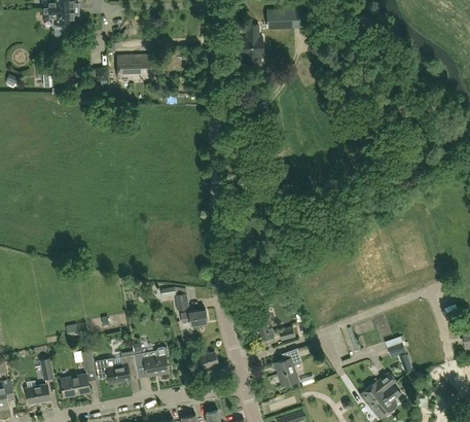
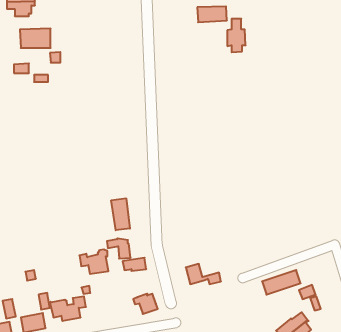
building: [242,25,263,64] -> [227,19,246,52]
building: [117,55,153,77] -> [20,29,51,48]
building: none -> [111,198,130,230]
building: [135,347,169,376] -> [79,249,108,274]
building: [275,349,301,386] -> none

